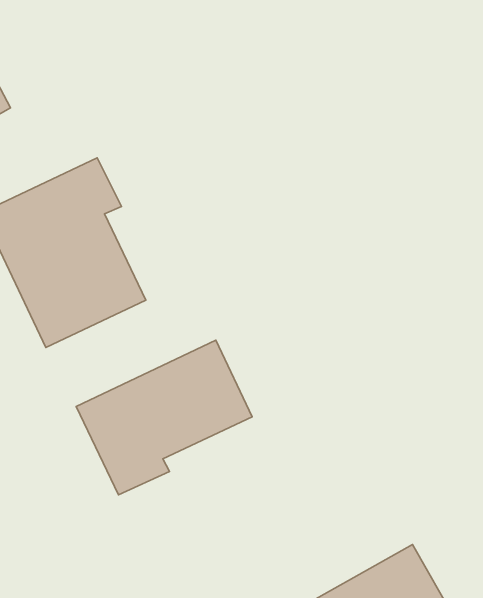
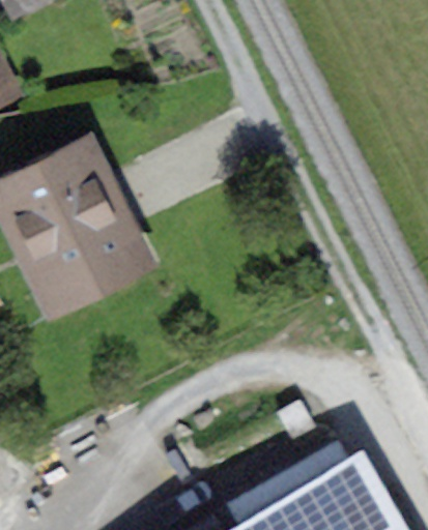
building: [76,340,252,495] -> none

